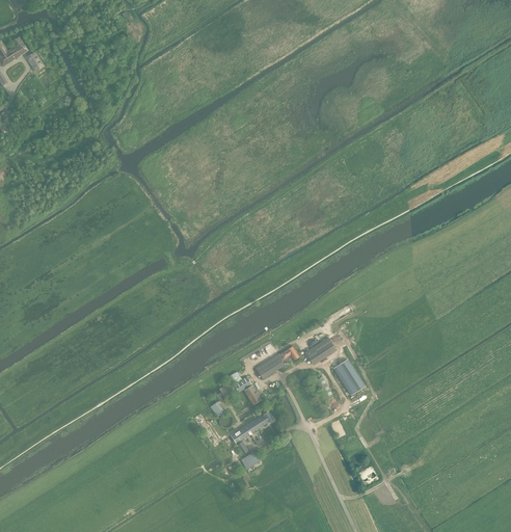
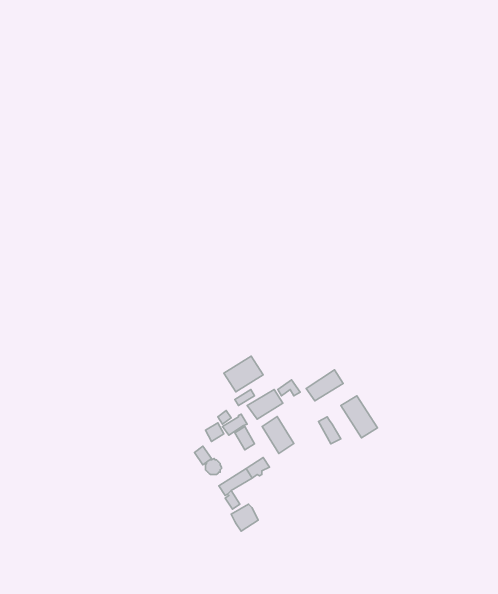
building: none -> [224,356,263,392]
building: none -> [262,417,294,453]

